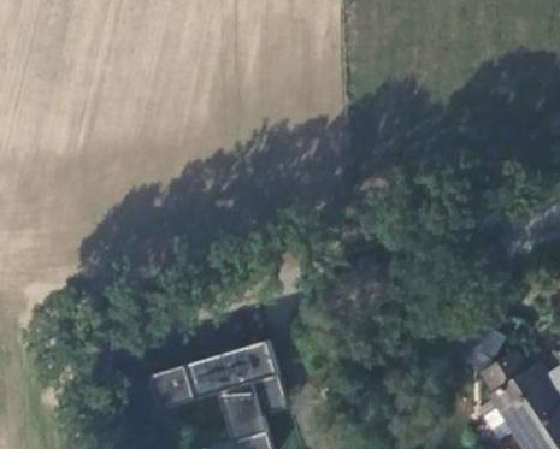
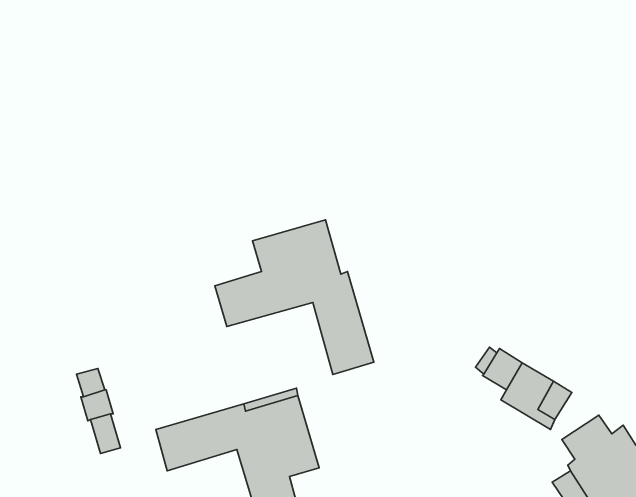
building: none -> [215,220,374,375]

